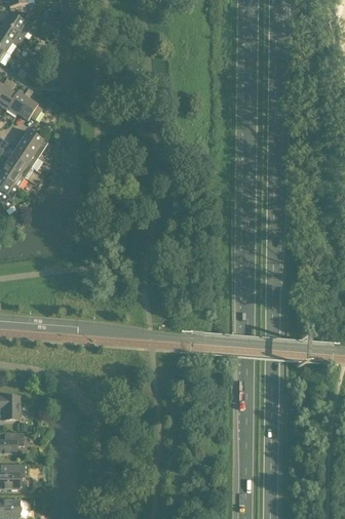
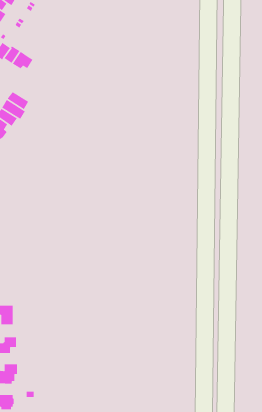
building: [17,127,46,155] -> none

